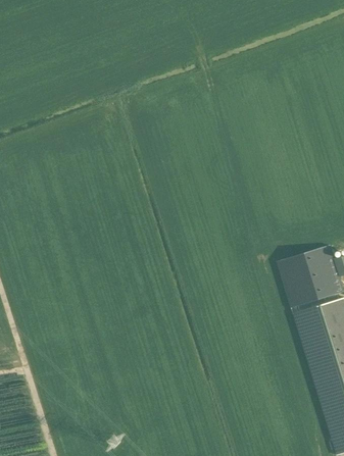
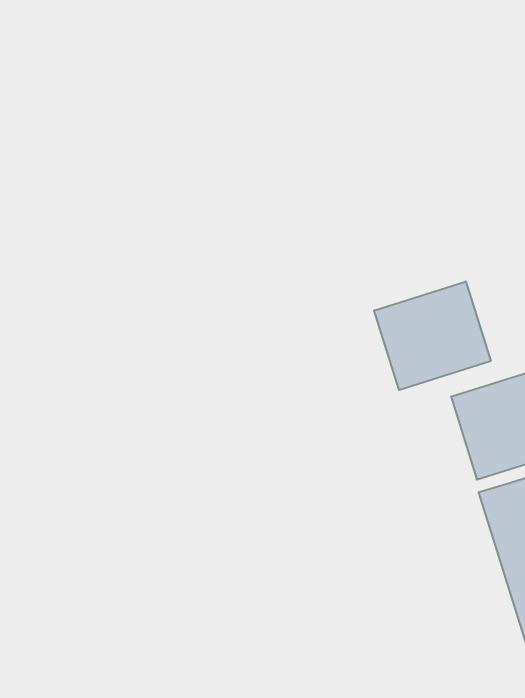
building: none -> [374,281,491,390]

